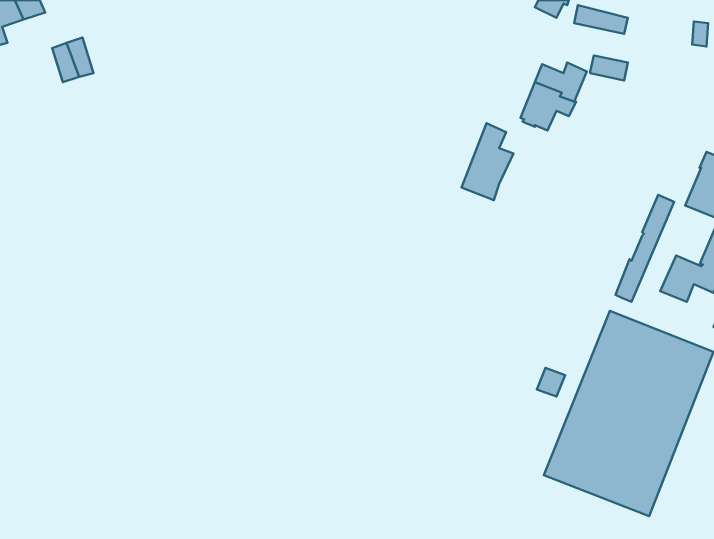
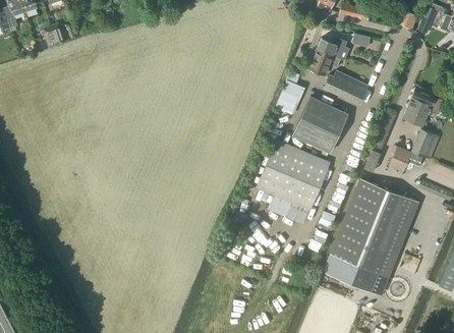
building: none -> [323,70,368,105]
building: none -> [291,96,347,154]
building: none -> [254,140,330,225]

